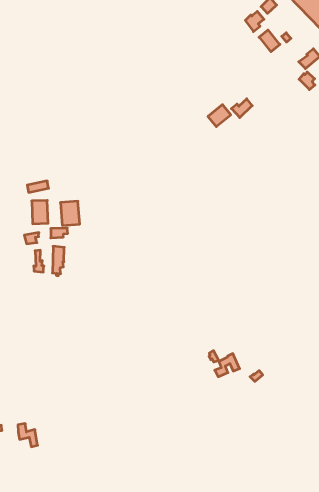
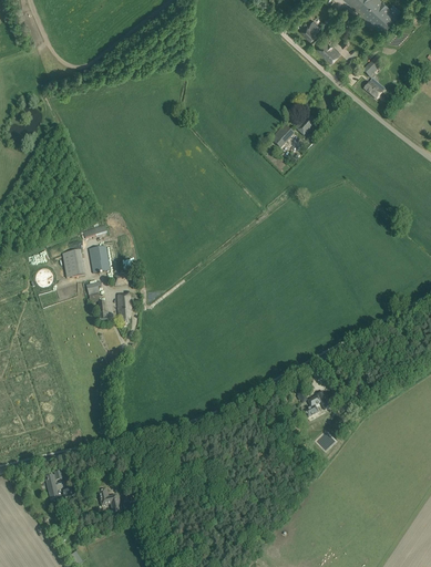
building: [60,201,80,225] -> [62,249,85,277]

